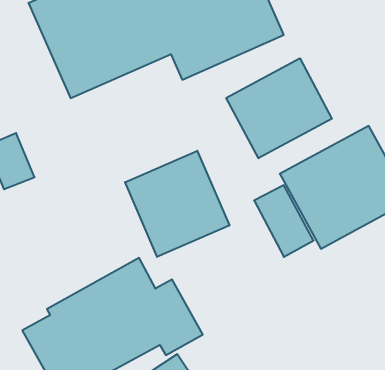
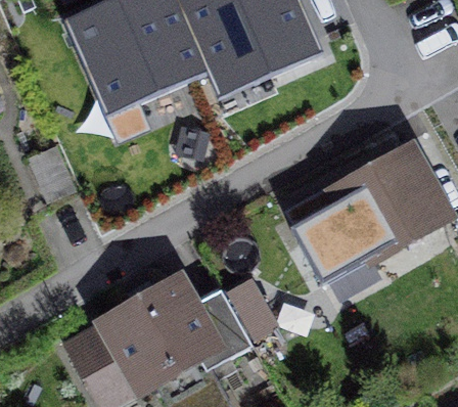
building: [226,58,332,158] -> none
building: [125,151,229,257] -> none

